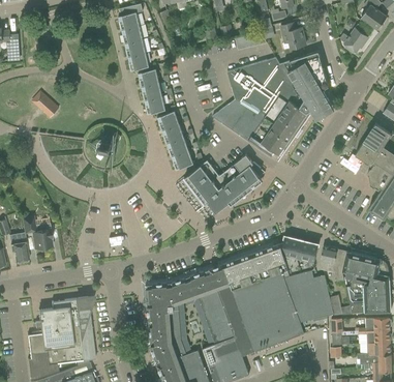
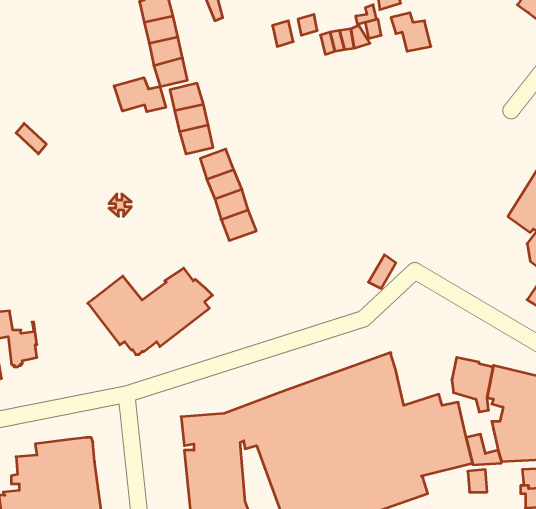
building: [340,25,368,53] -> none
building: [212,52,333,157] -> none
building: none -> [114,78,166,112]
building: [184,155,265,211] -> [88,268,213,355]
building: [280,237,319,277] -> none

